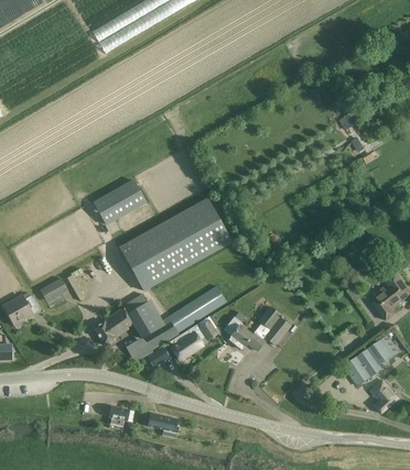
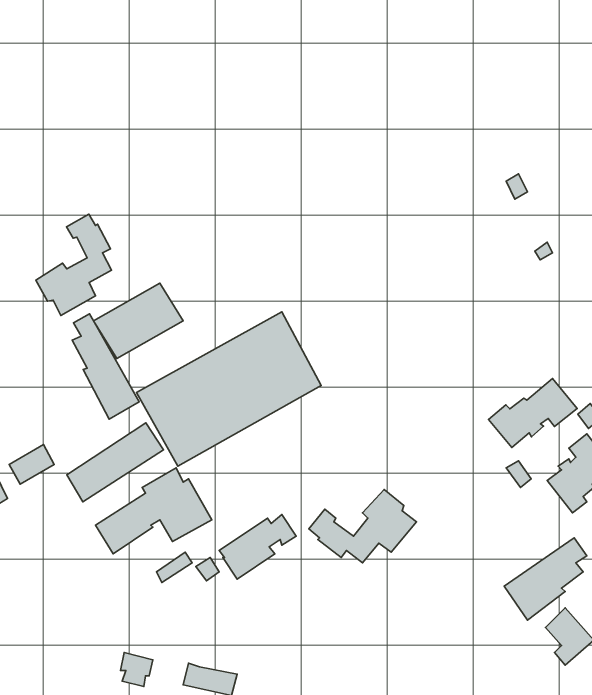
building: none -> [36,214,111,315]
building: none -> [72,314,139,419]
building: none -> [489,379,577,447]
building: [168,285,227,334] -> [67,423,164,502]

